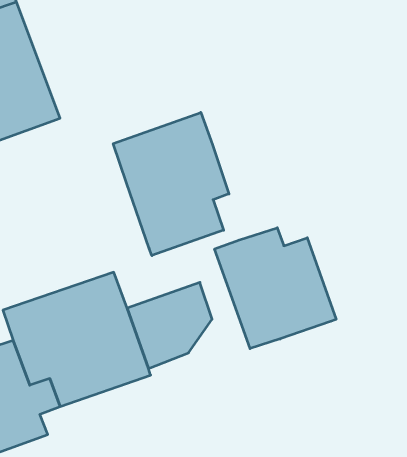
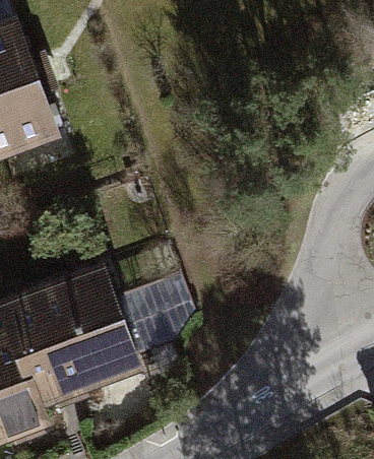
building: [113,112,229,256] -> none
building: [215,228,336,349] -> none

